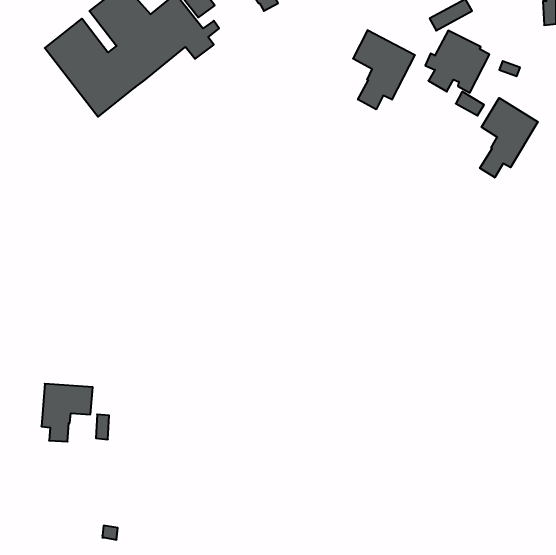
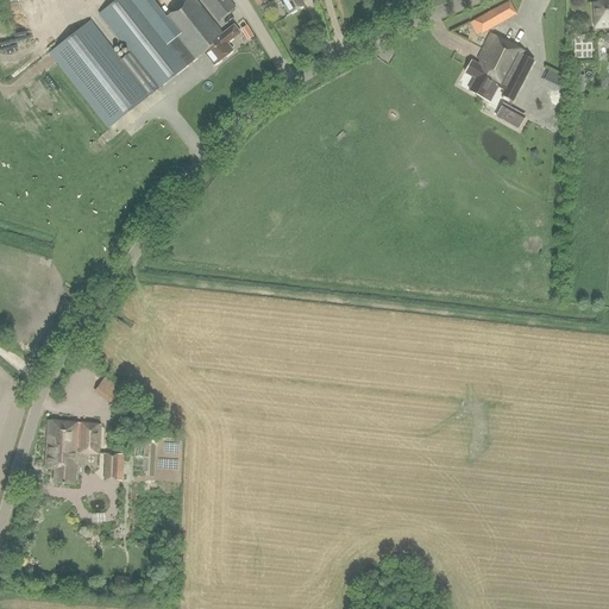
building: [353,30,415,109] -> none
building: [480,98,538,178] -> none

